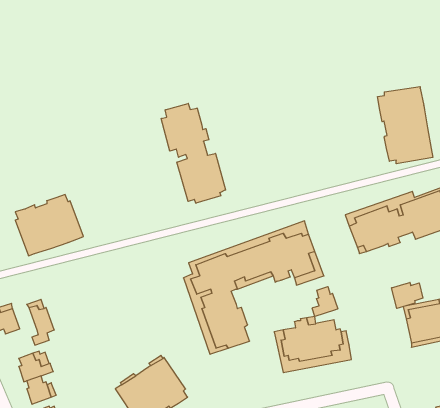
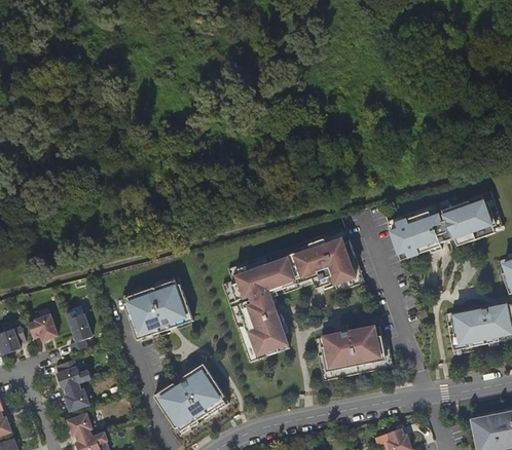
building: [378,87,433,164] -> none
building: [161,103,226,203] -> none
building: [15,195,83,256] -> [124,278,193,340]
building: [392,282,423,308] -> none
building: [312,287,338,317] -> none

